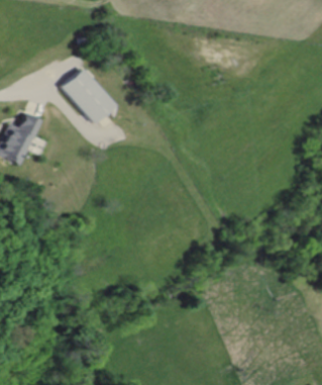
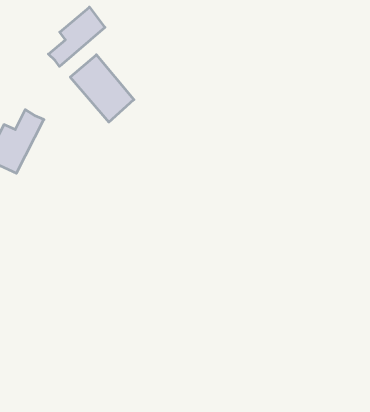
building: none -> [48,7,105,66]

